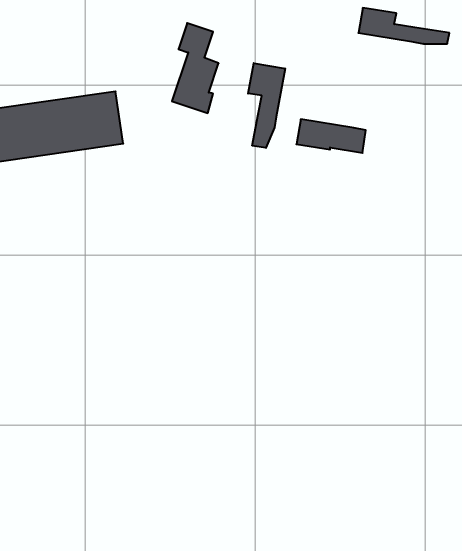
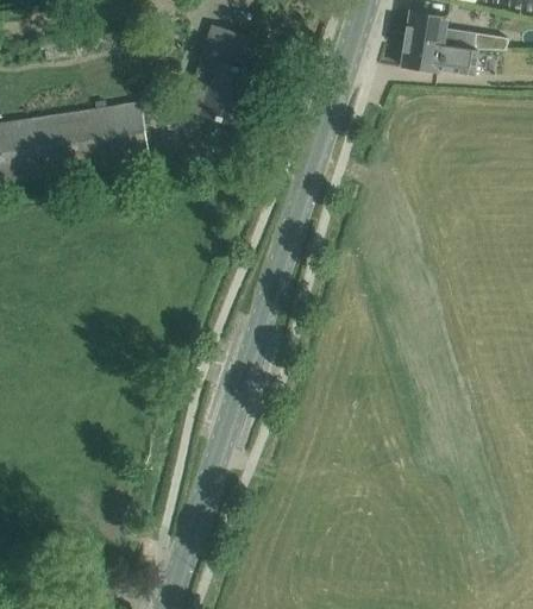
building: [248,63,285,148] -> none
building: [296,119,366,153] -> [400,37,476,74]

